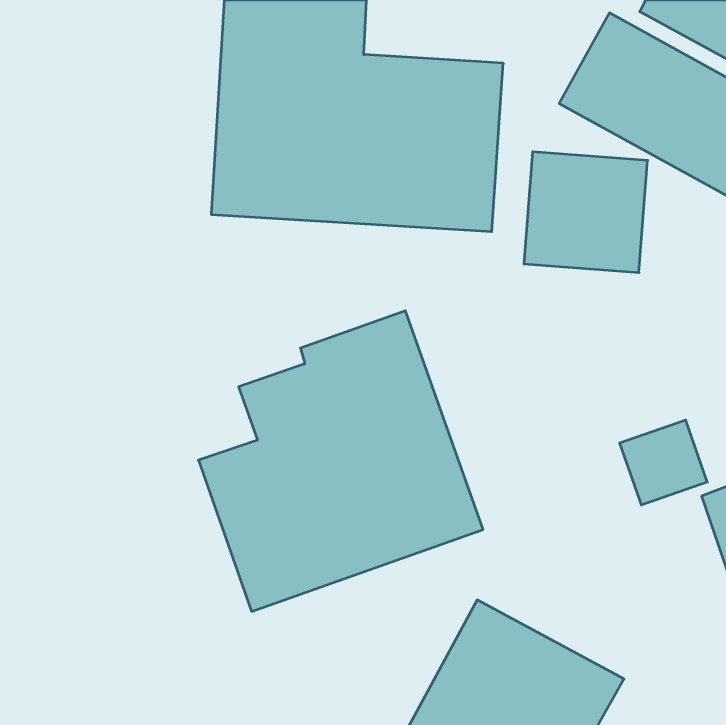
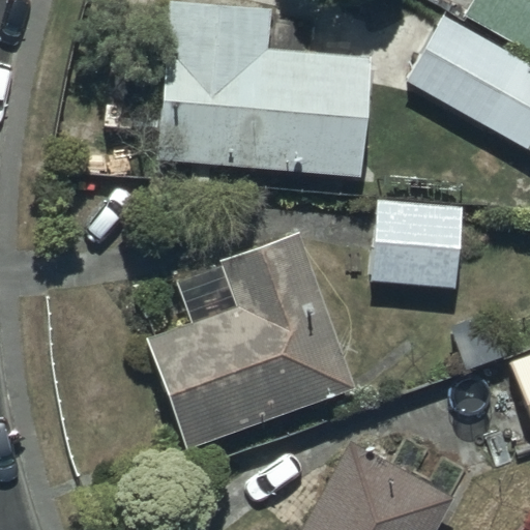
building: [524,152,648,273] -> [373,204,462,291]

